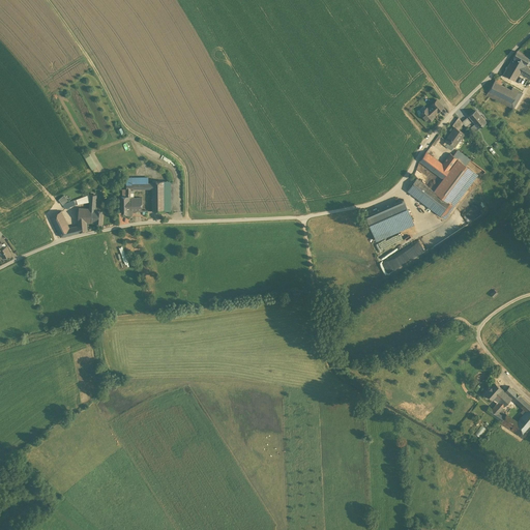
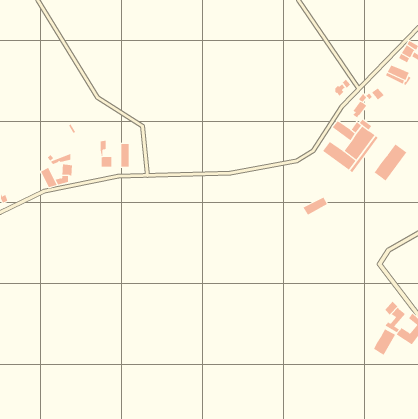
building: none -> [374,144,407,181]
building: [366,199,415,240] -> none
building: none -> [373,328,396,355]

